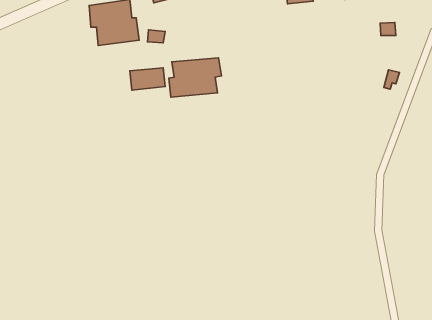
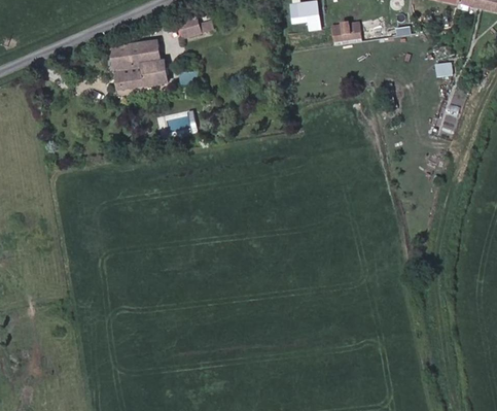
building: [169,58,221,97] -> none

